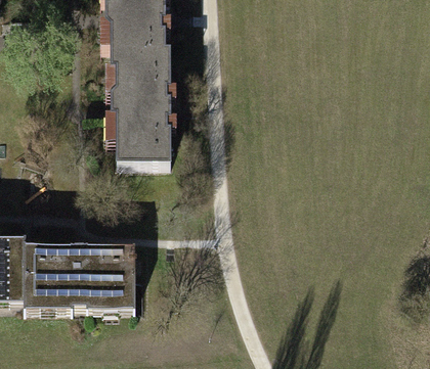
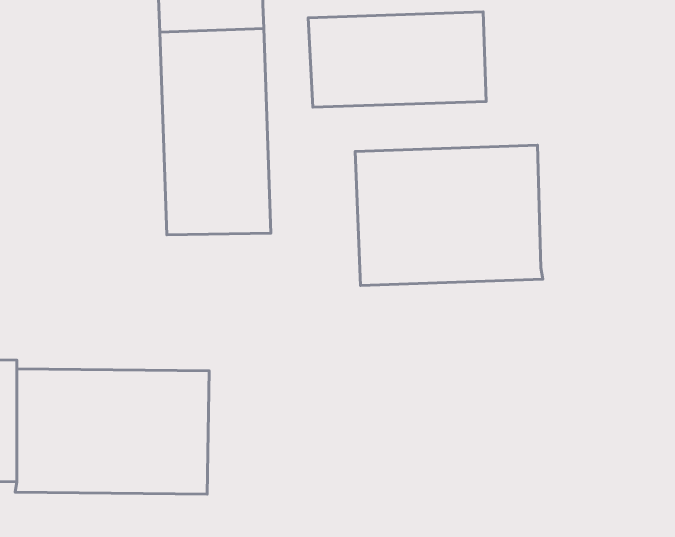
building: none -> [308,12,486,107]
building: none -> [355,145,543,285]

